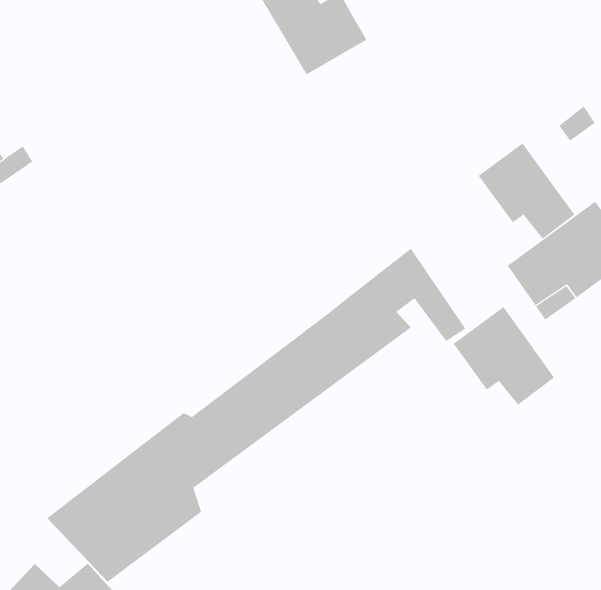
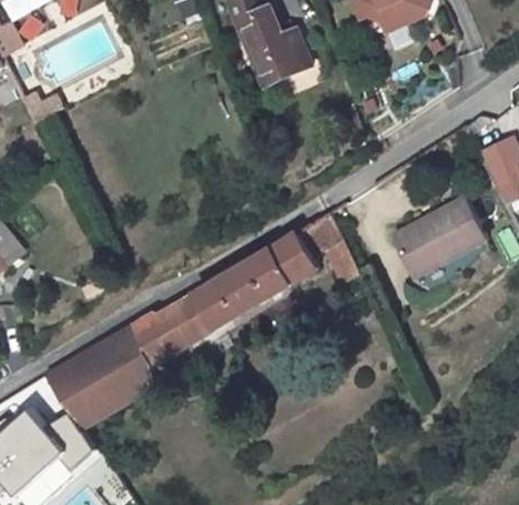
building: [478,142,575,239] -> none
building: [453,306,555,405] -> none

